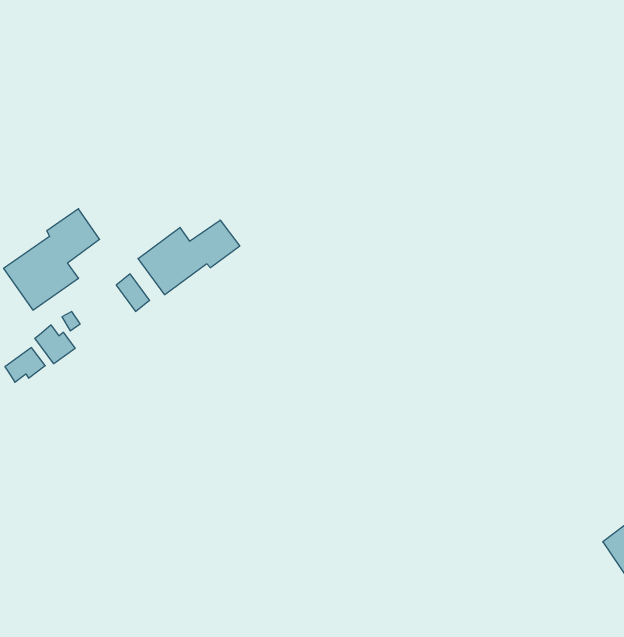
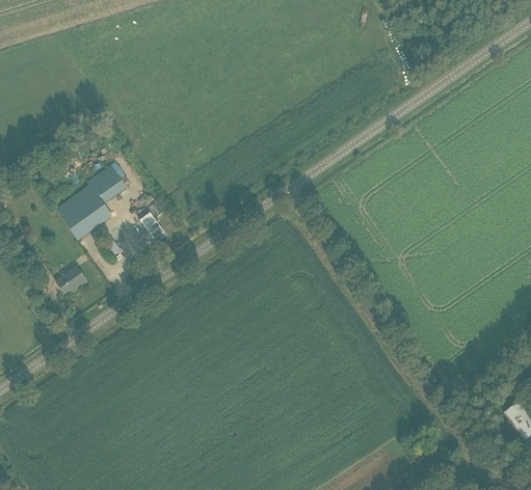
building: [138,220,240,295] -> none
building: [35,325,75,364] -> none

